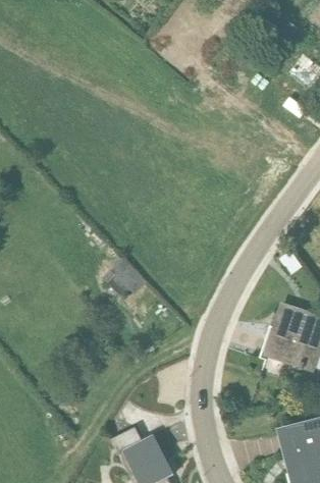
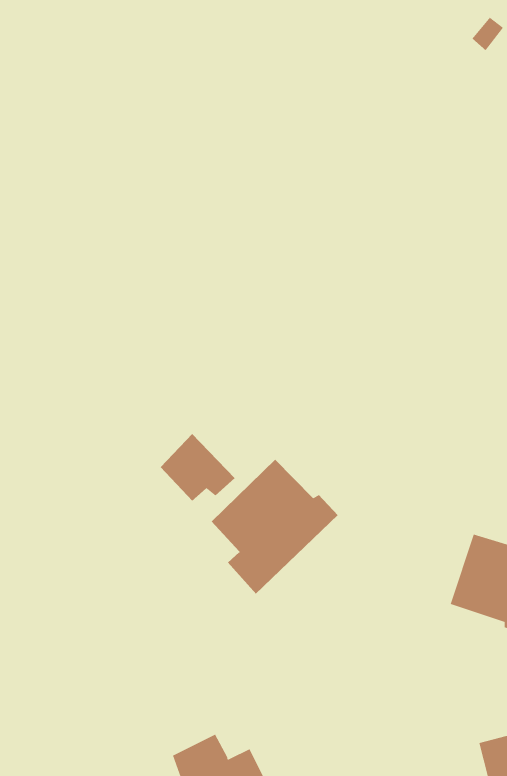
building: none -> [211,459,339,594]

